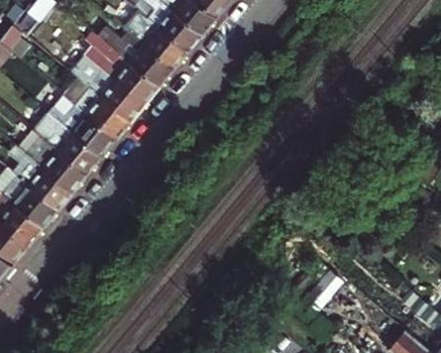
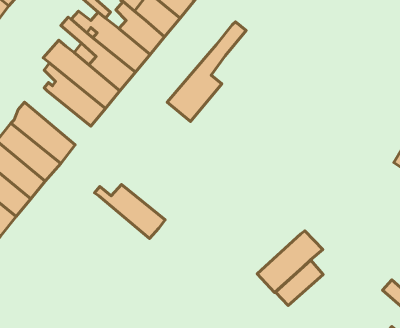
building: none -> [167,22,246,121]
building: [47,103,116,155] -> [95,184,165,238]
building: none -> [257,231,323,292]

